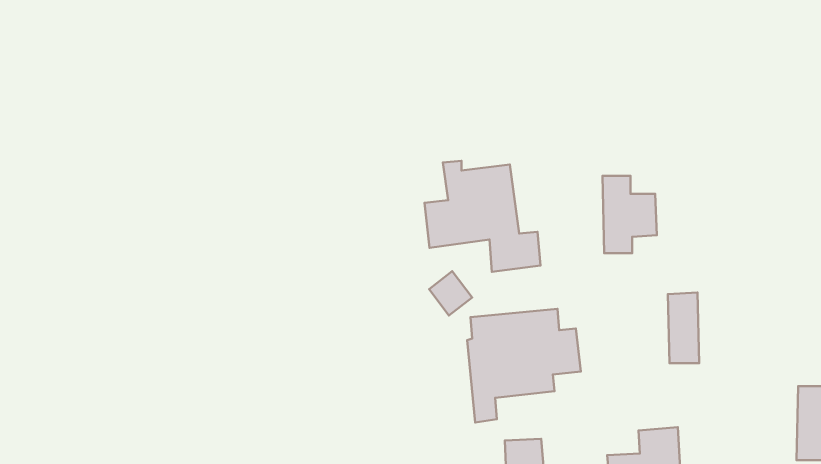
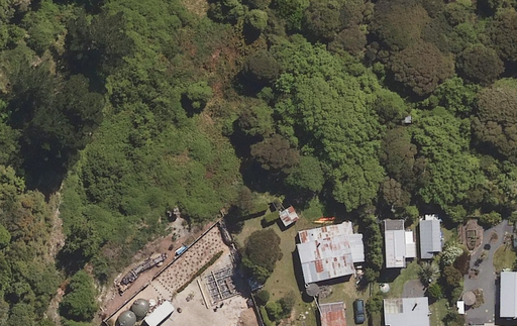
building: [425,161,540,272] -> none
building: [603,176,657,253] -> [382,220,415,267]

